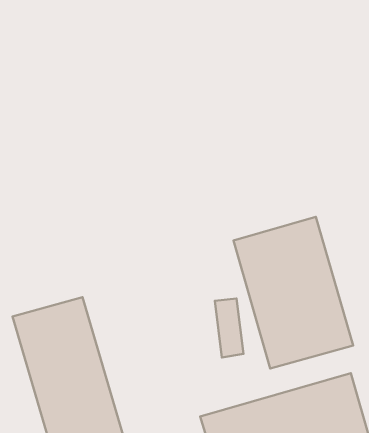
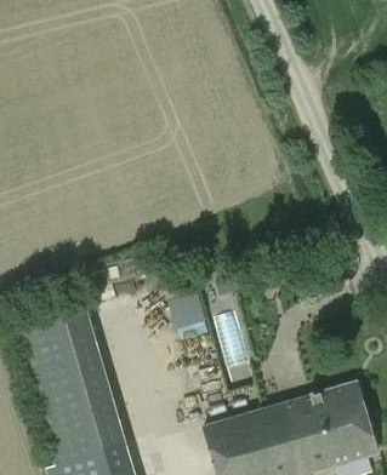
building: [234,217,353,369] -> none

